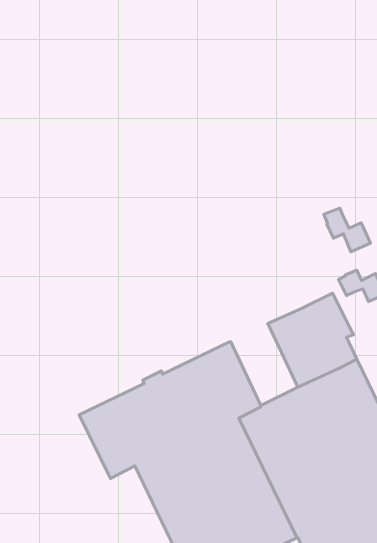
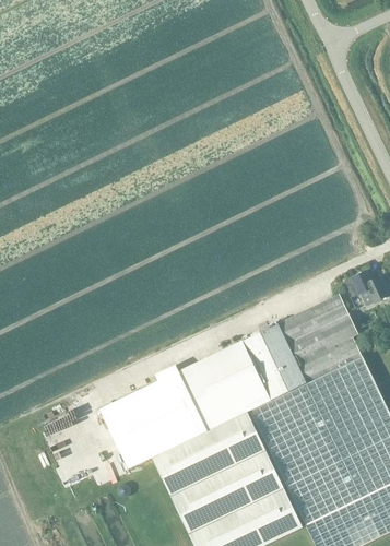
building: [324,208,370,252] -> none
building: none -> [244,323,307,401]

